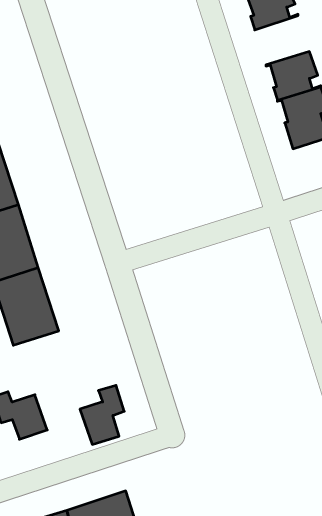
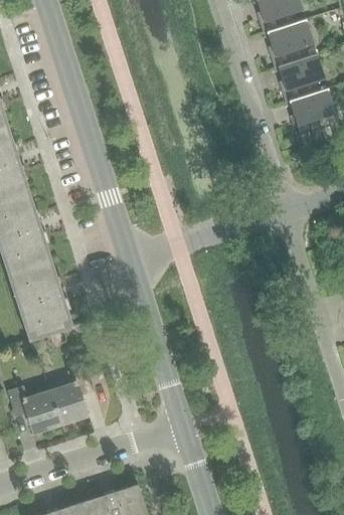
building: none -> [264,20,317,68]
building: [80,385,124,444] -> [49,366,93,423]

